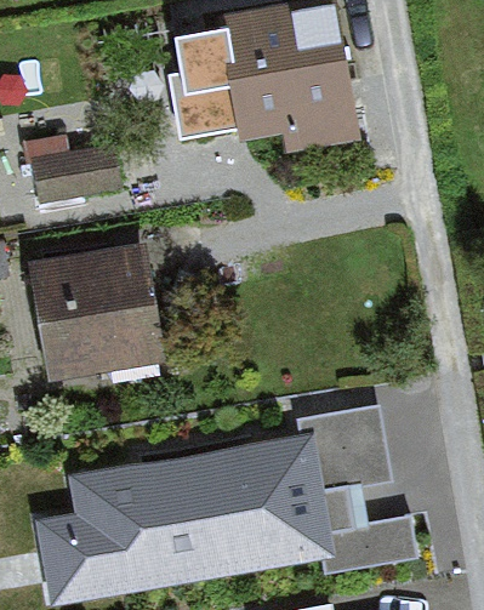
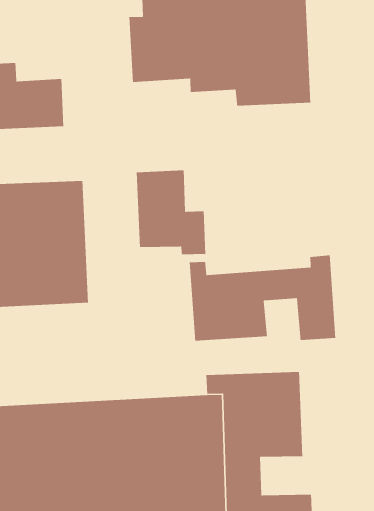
building: none -> [136,169,206,255]
building: none -> [189,254,336,342]

